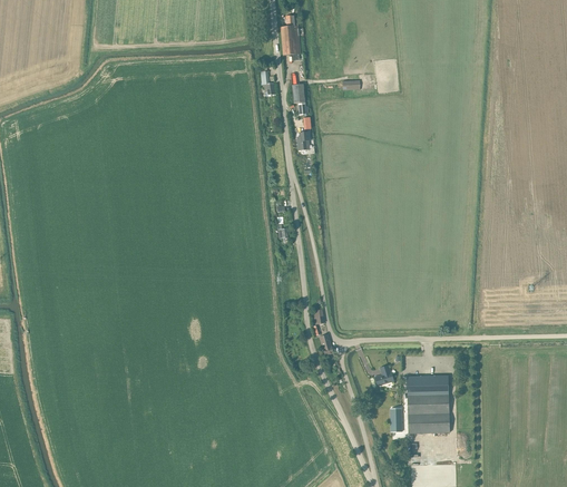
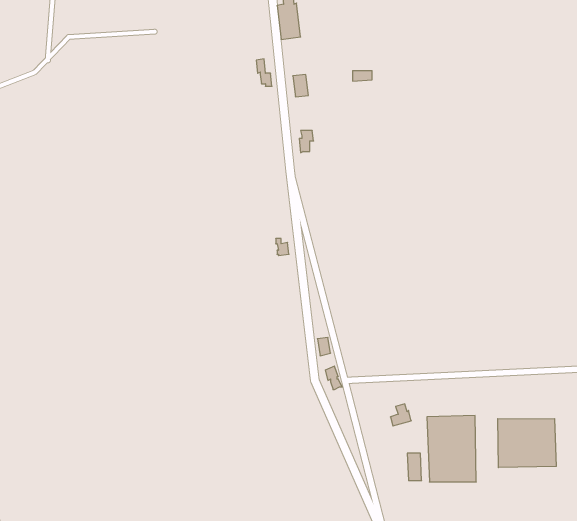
building: none -> [498,419,556,468]

